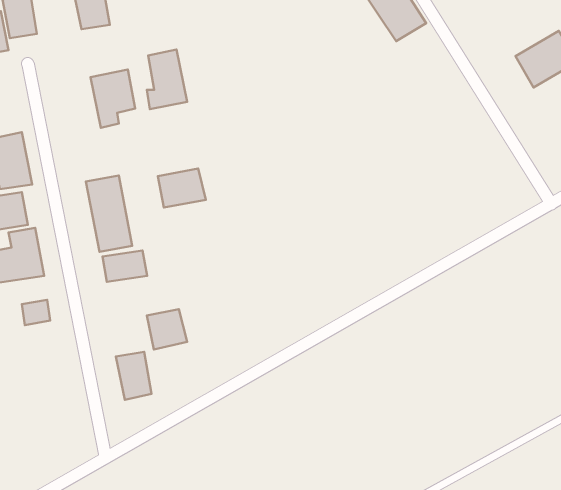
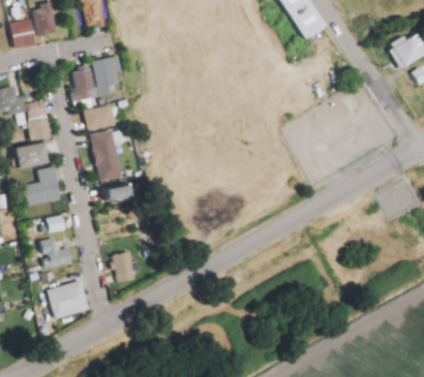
building: [147,49,187,109] -> [70,62,98,103]
building: [158,169,206,207] -> [84,104,117,131]
building: [147,309,187,350] -> none
building: none -> [38,238,74,271]
building: none -> [46,280,92,324]

